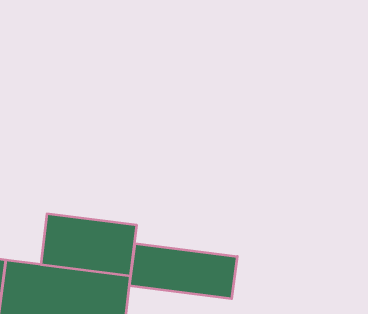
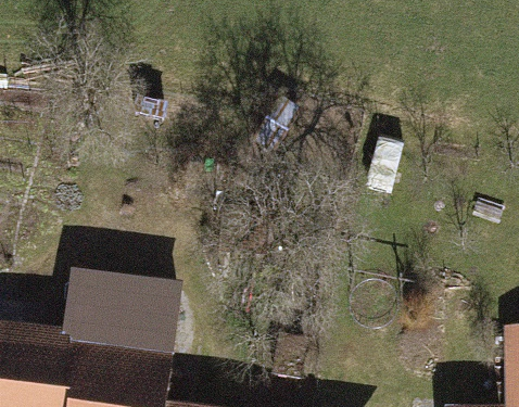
building: [129,244,237,299] -> none

